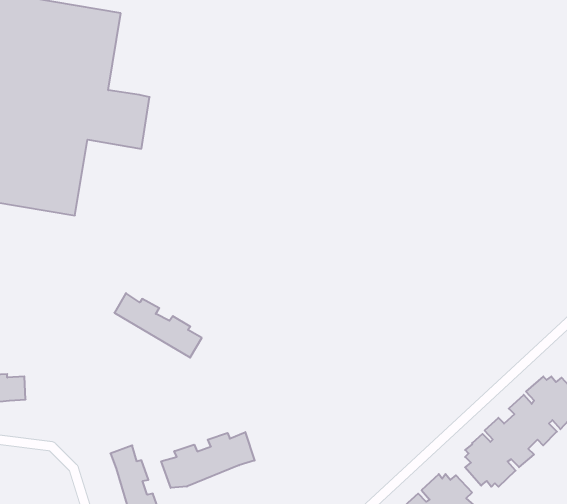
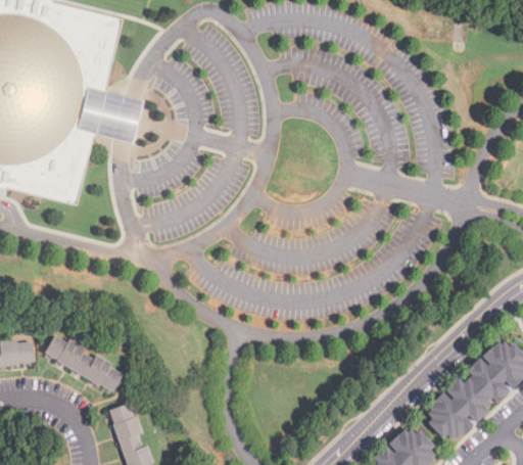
building: [114,293,202,358] -> [46,336,124,393]
building: [161,432,255,488] -> none

